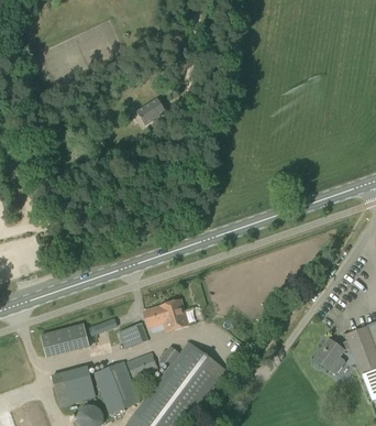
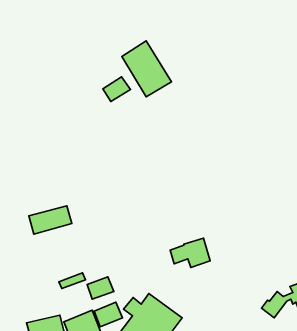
building: none -> [122,41,171,97]
building: [143,298,188,331] -> [170,238,210,268]
building: [41,324,89,356] -> [29,206,72,234]

